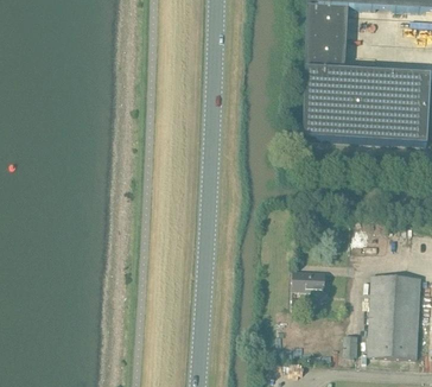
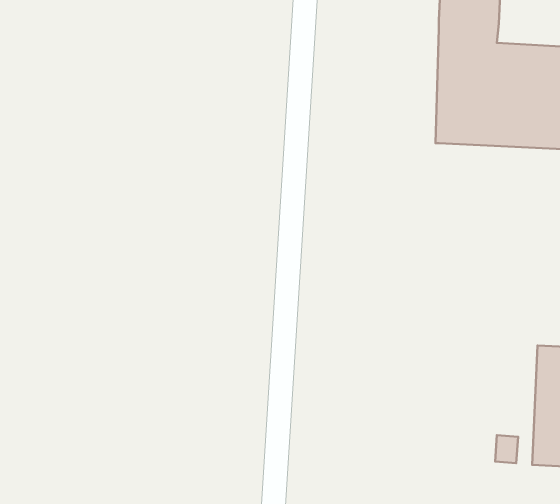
building: [293,271,325,291] -> none

